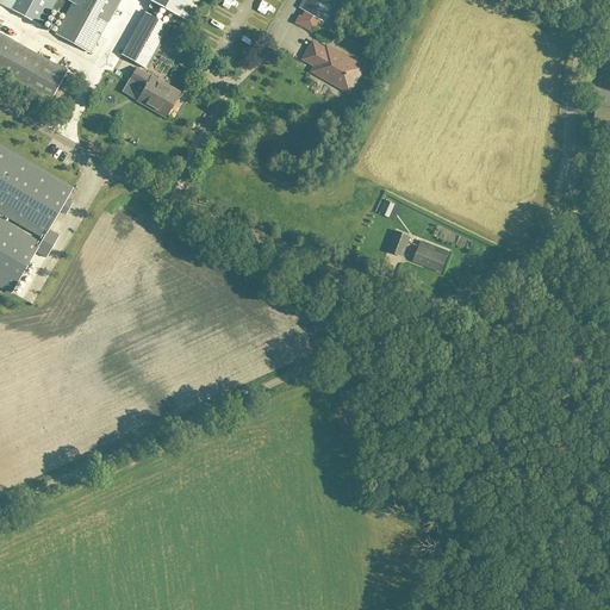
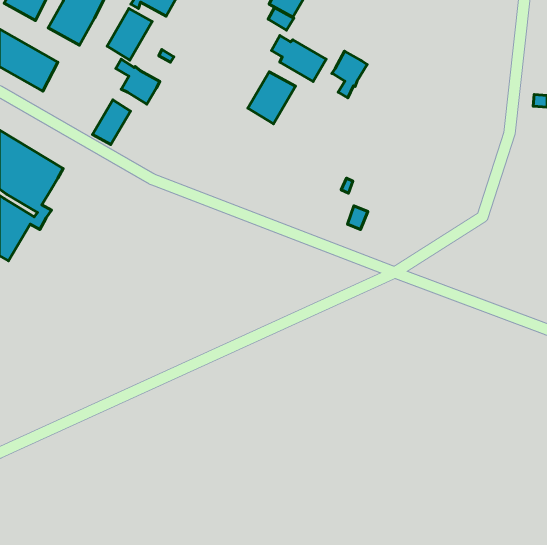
building: none -> [332,51,367,98]
building: none -> [248,72,295,124]
building: none -> [93,100,131,145]
building: [411,238,447,269] -> none

